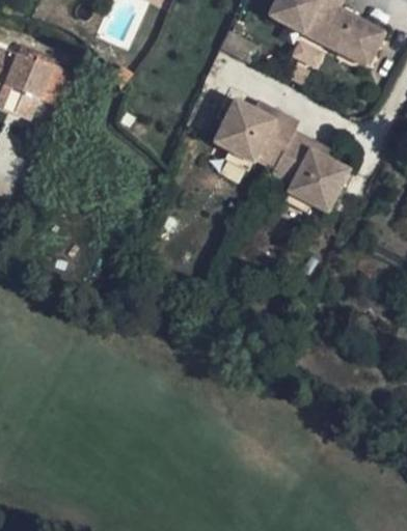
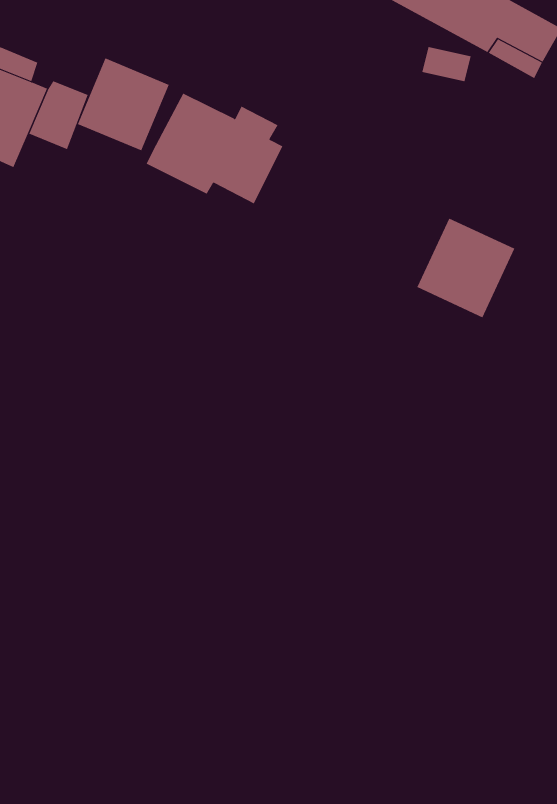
building: none -> [77,58,170,151]
building: [215,101,303,172] -> [146,93,283,204]

